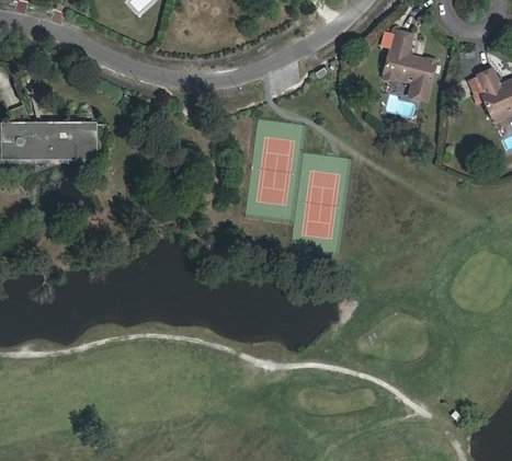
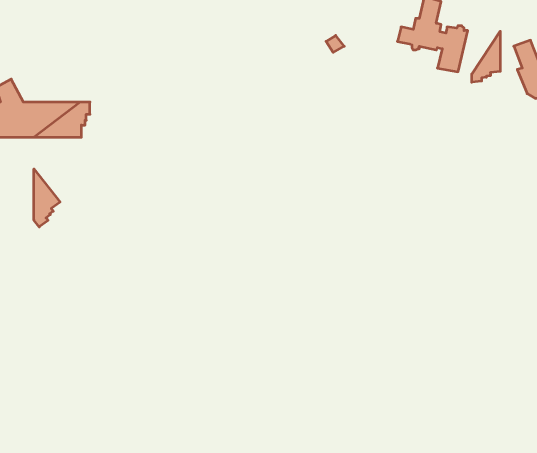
building: none -> [472,31,500,82]
building: none -> [34,169,60,227]

